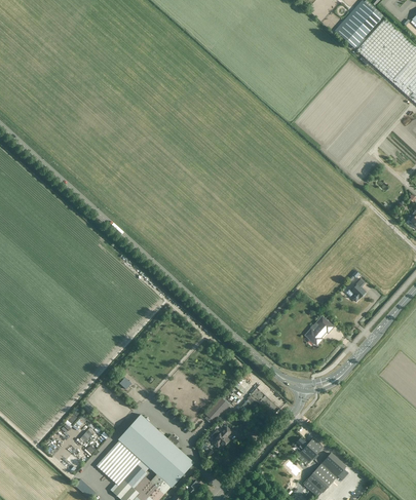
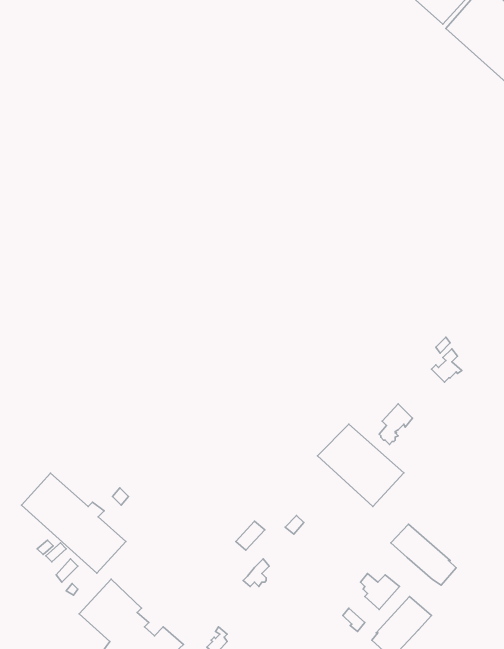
building: none -> [318,424,404,506]
building: none -> [391,524,456,585]
building: [120,414,194,485] -> [21,473,126,573]

